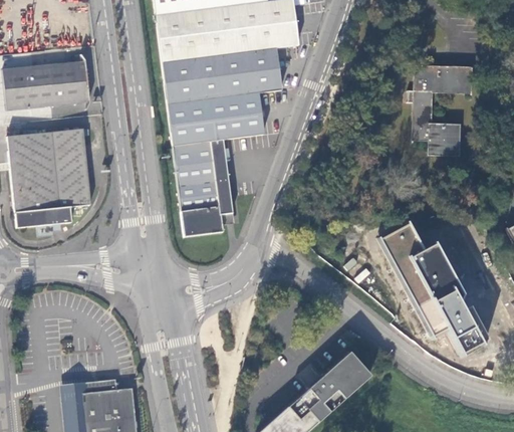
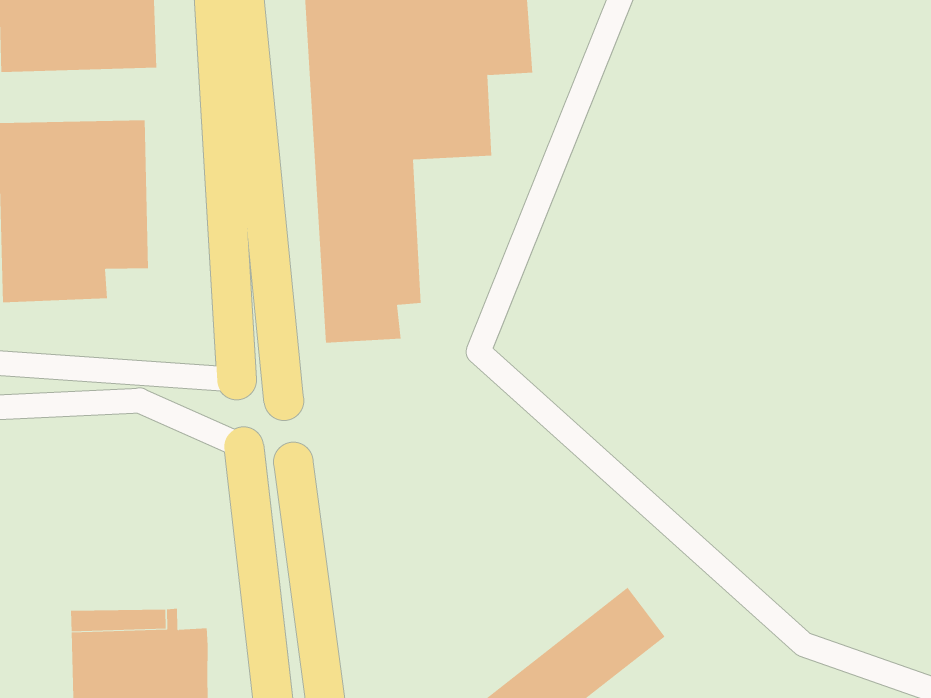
building: [409,64,475,152] -> none
building: [378,216,489,354] -> none

